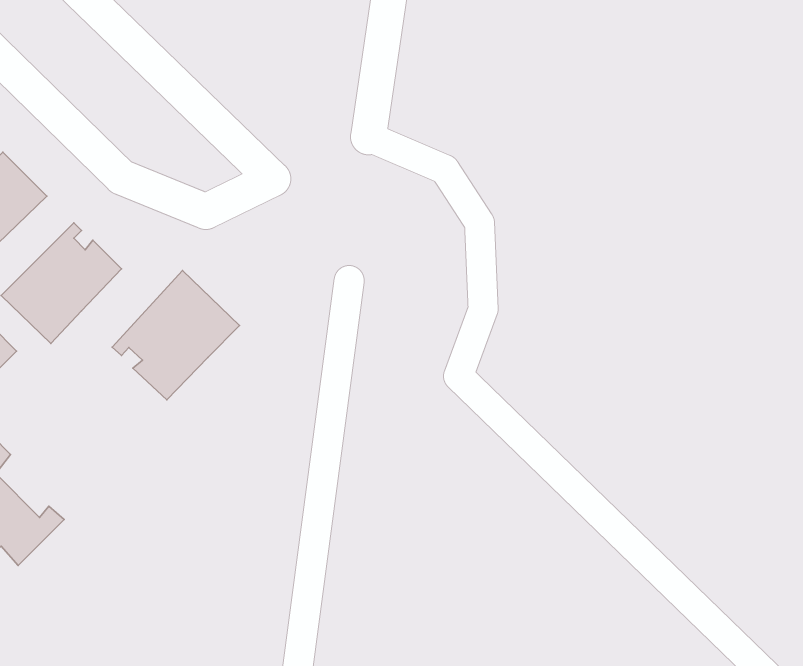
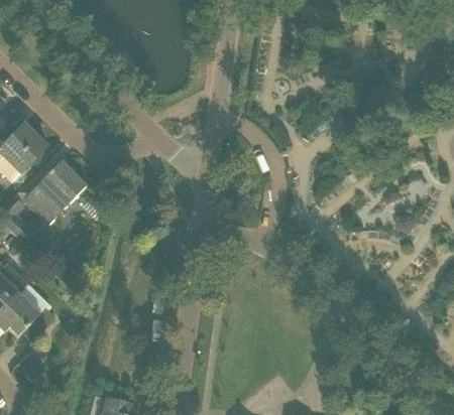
building: [112,271,240,400] -> none

